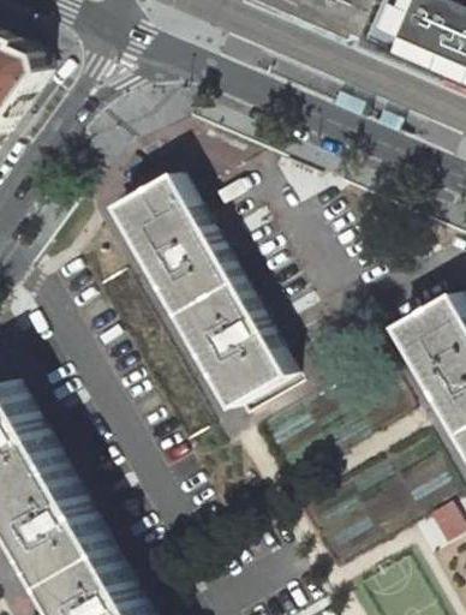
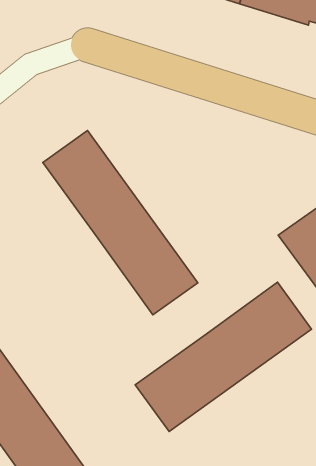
building: none -> [135,282,311,432]

